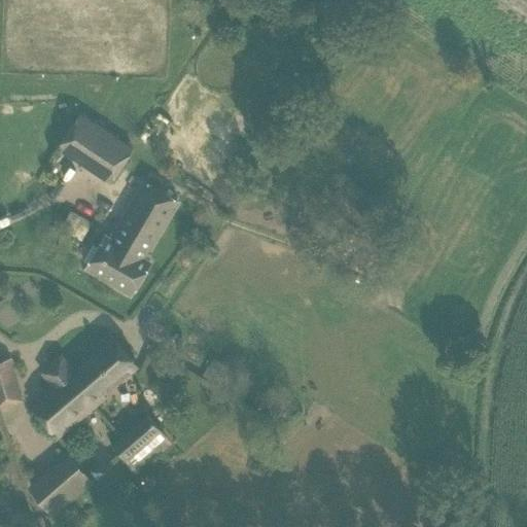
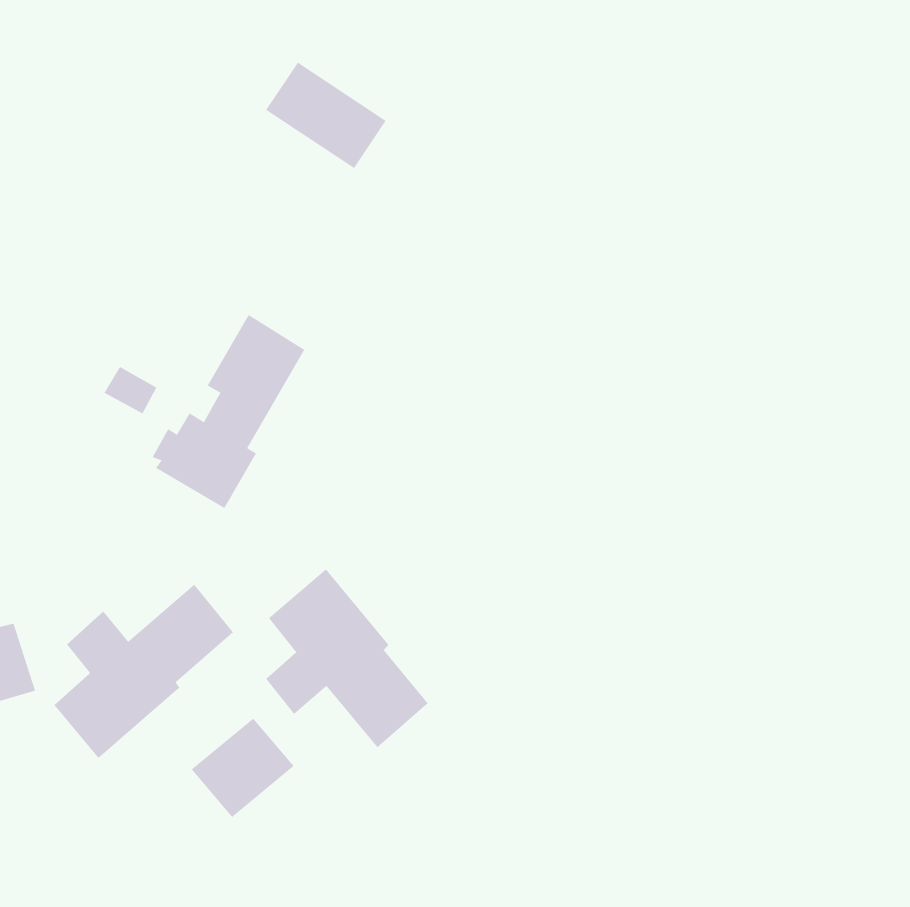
building: [61,116,131,178] -> [265,62,387,169]
building: none -> [265,568,428,748]
building: [30,459,89,517] -> none

